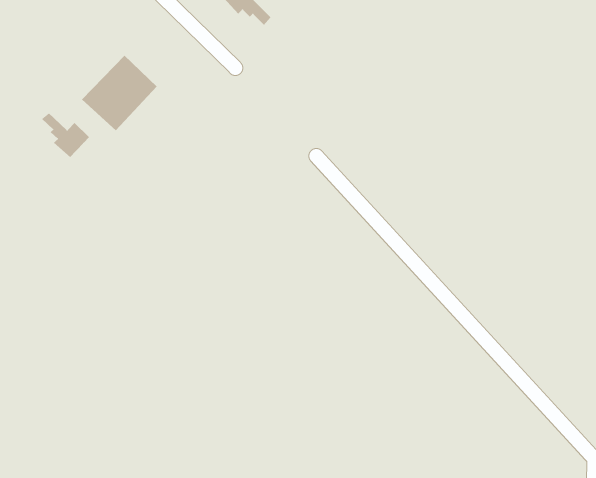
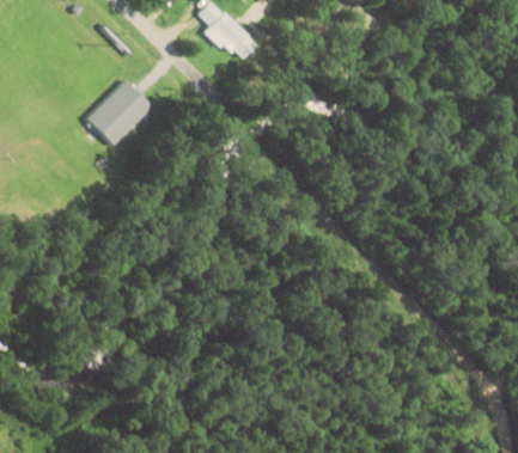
building: [41,112,90,158] -> none

